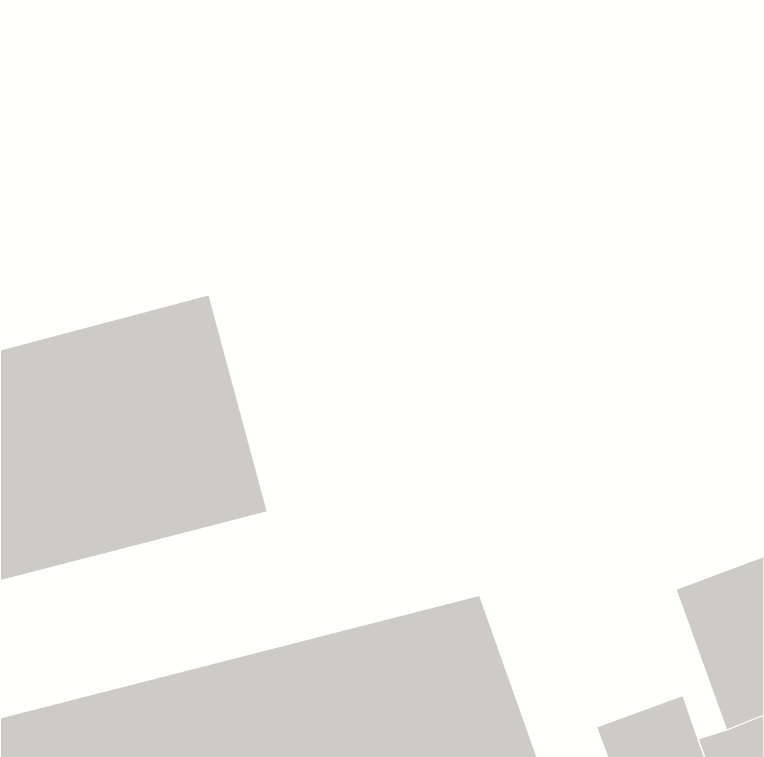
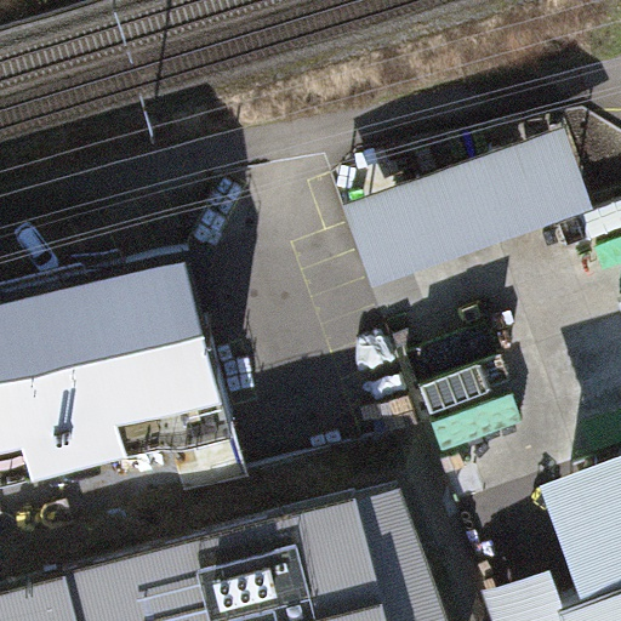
building: none -> [346,126,597,285]

